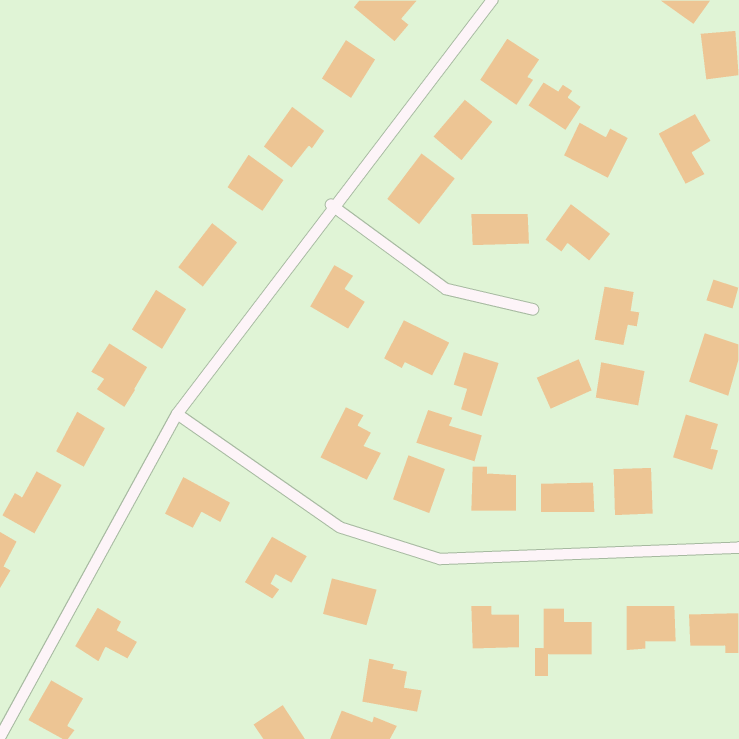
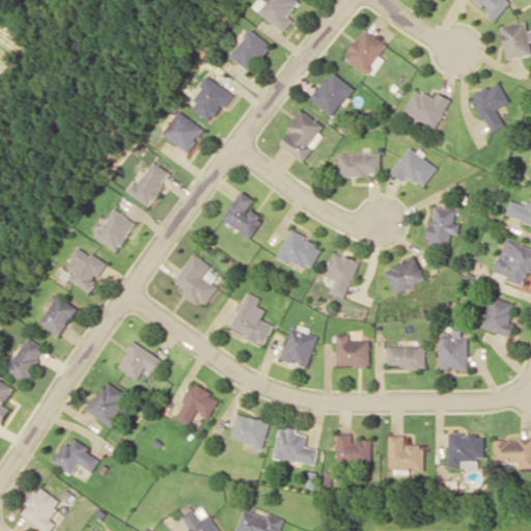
building: [528,81,581,131] -> none
building: none -> [172,255,218,305]
building: [595,362,645,406] -> none
building: [416,409,482,462] -> none
building: none -> [85,382,129,426]
building: [361,658,422,712] -> [274,427,317,466]

